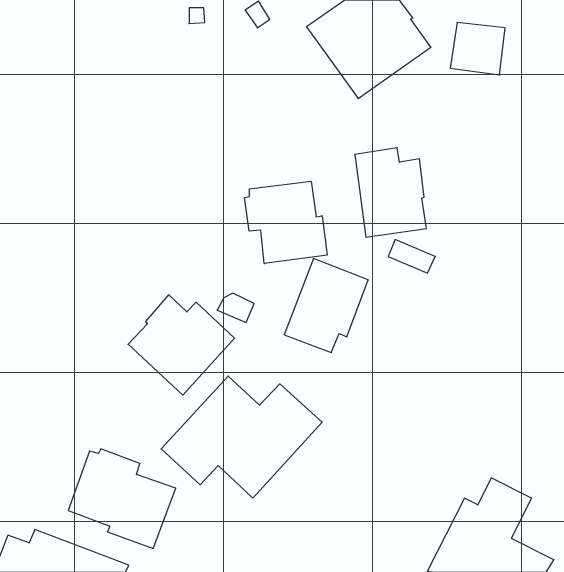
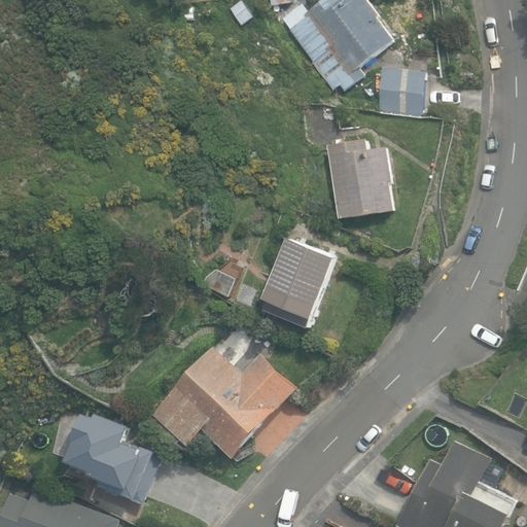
building: [450,22,505,75] -> [373,67,423,115]
building: [245,181,327,264] -> none
building: [128,295,235,395] -> none

